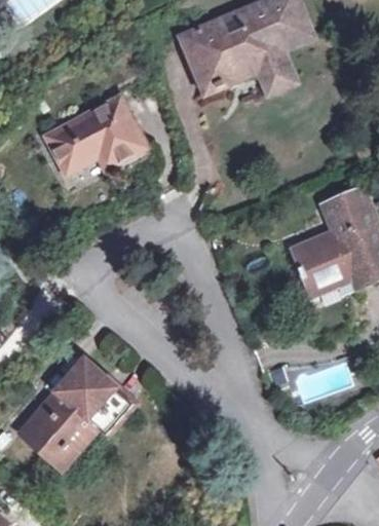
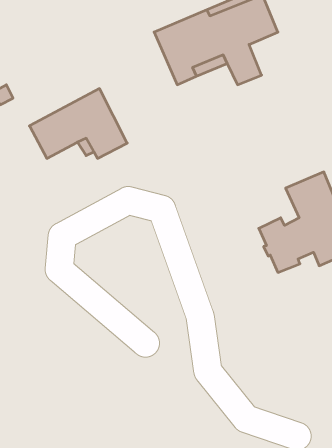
building: [20,359,139,469] -> none

